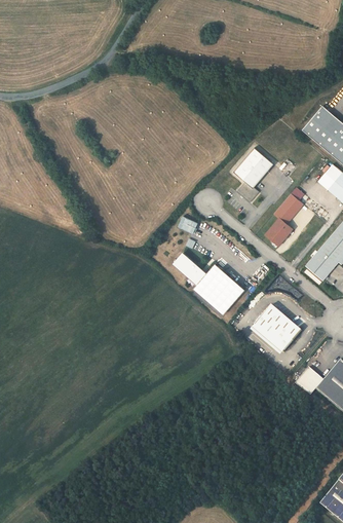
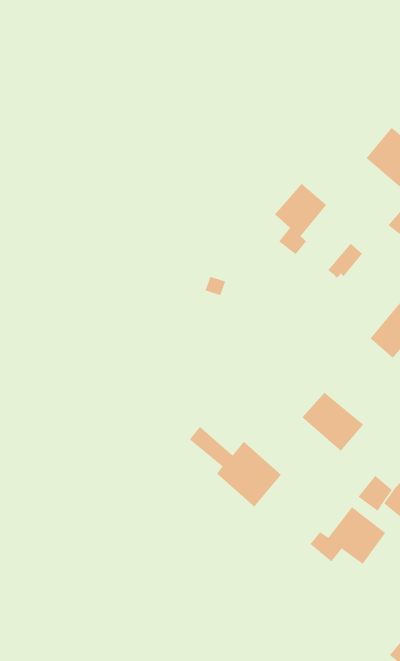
building: [265,218,292,246] -> none
building: [174,253,243,314] -> [189,426,282,508]
building: none -> [309,506,386,565]

